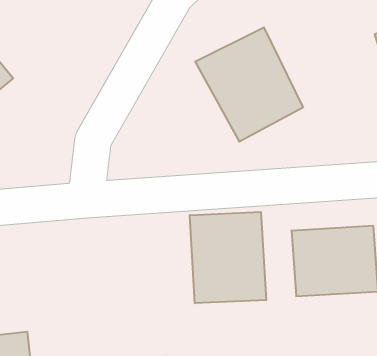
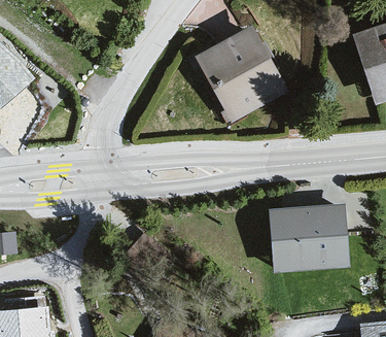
building: [190,212,266,303] -> none

